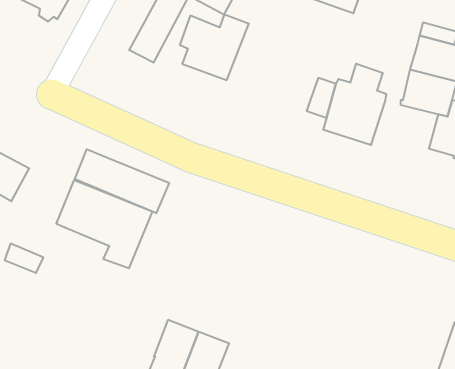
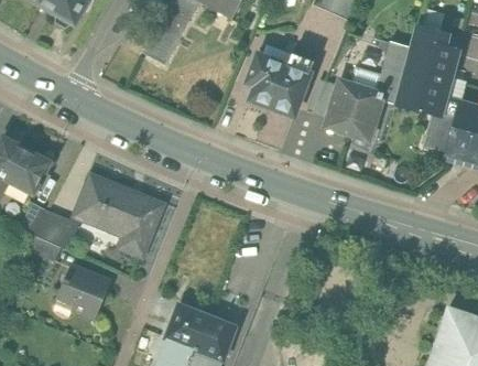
building: [180,14,249,80] -> [249,53,314,115]
building: none -> [374,42,412,104]
building: [75,149,169,213] -> none
building: none -> [31,209,82,250]
building: none -> [55,266,110,317]

